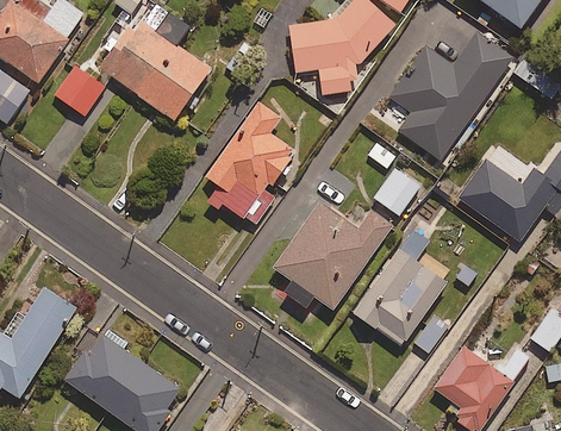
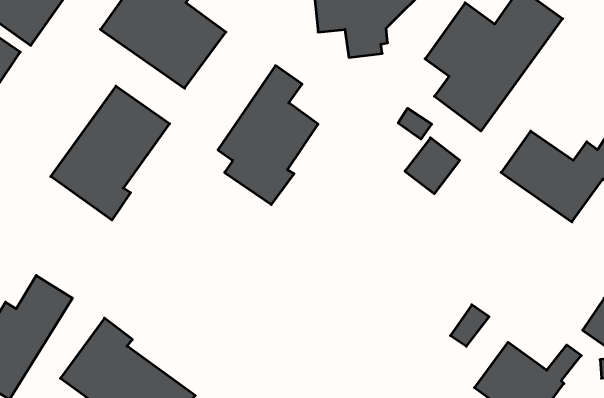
building: [55,67,104,115] -> none
building: none -> [51,86,170,220]
building: [273,204,392,311] -> none
building: [353,231,445,348] -> none

